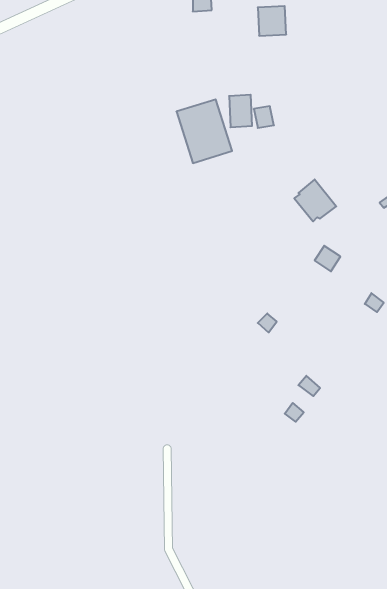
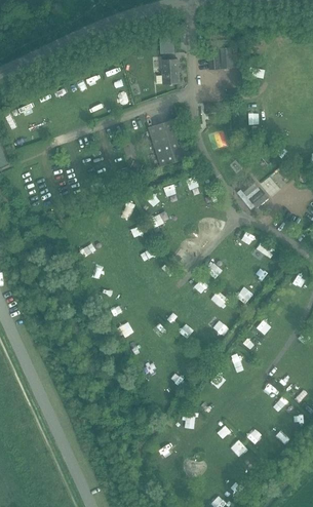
building: [229,95,252,127] -> [160,61,178,85]

